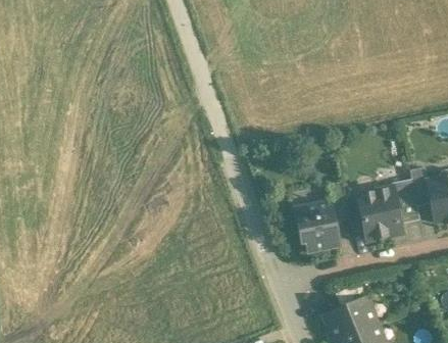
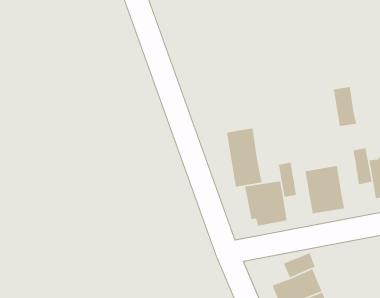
building: none -> [226,128,262,188]
building: [394,180,420,224] -> [333,86,357,127]

